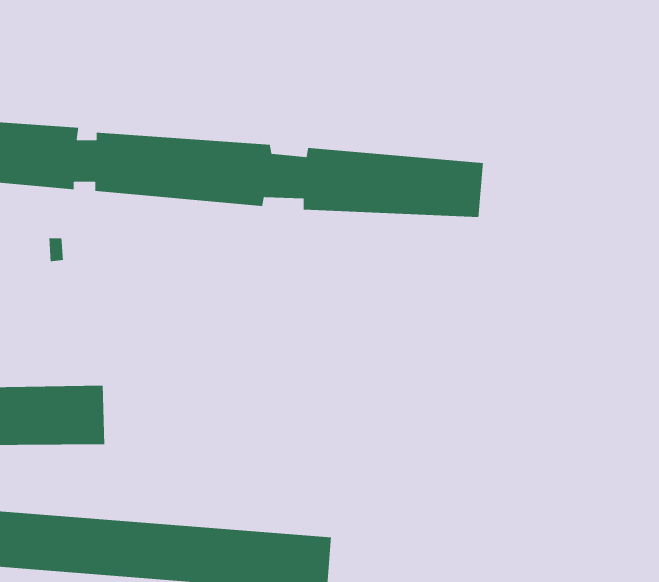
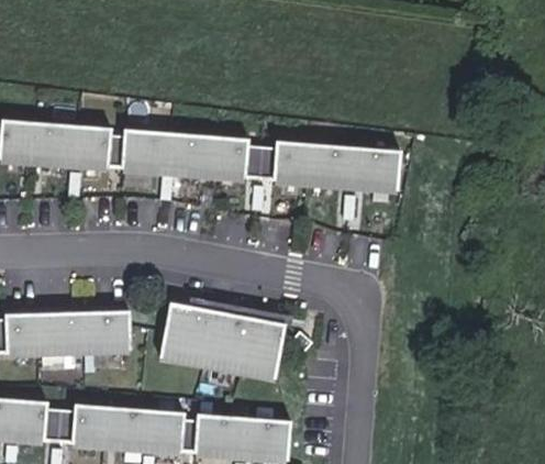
building: none -> [158,305,286,383]

